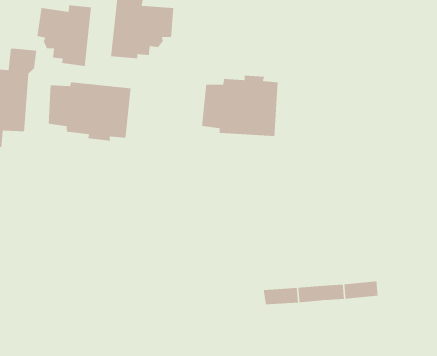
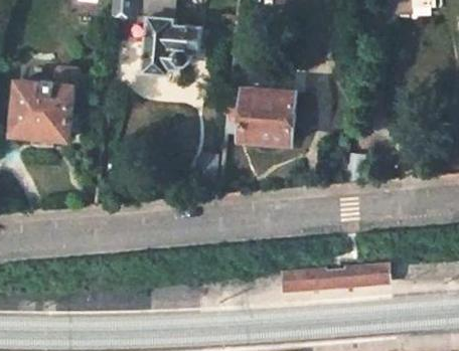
building: [37,5,92,67] -> none
building: [48,81,132,141] -> none

